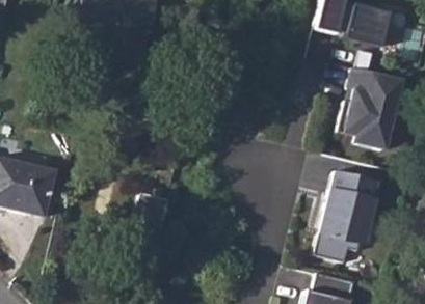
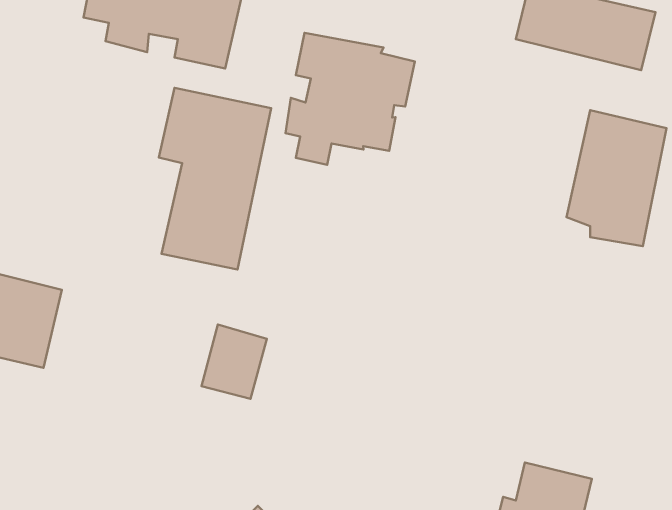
building: none -> [285,33,415,165]
building: none -> [159,88,271,269]
building: [315,168,378,262] -> none

